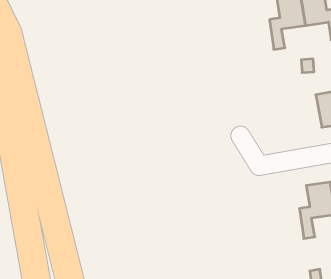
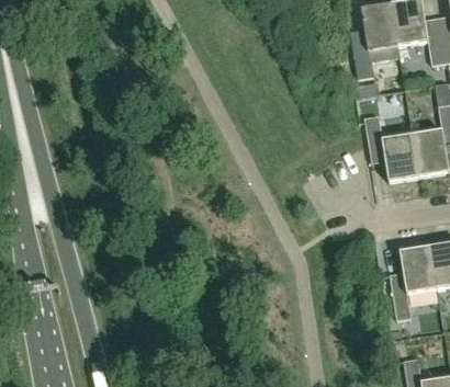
building: none -> [364,114,419,180]

